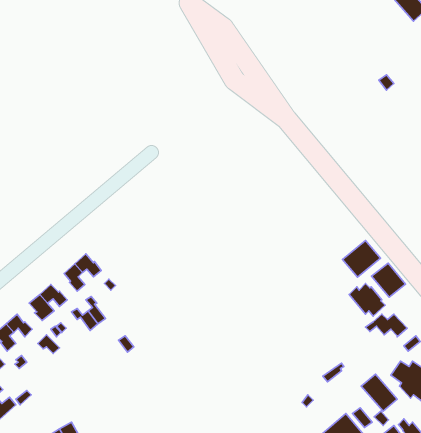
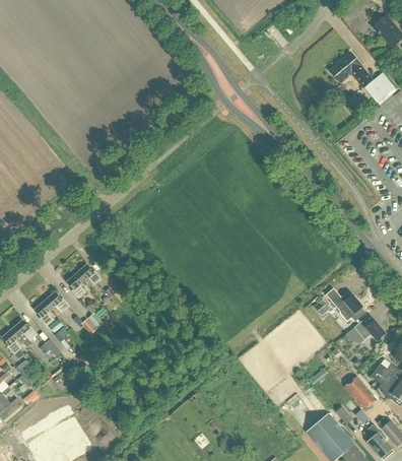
building: none -> [330,52,393,101]
building: [342,240,380,277] -> none
building: [371,263,406,297] -> none

